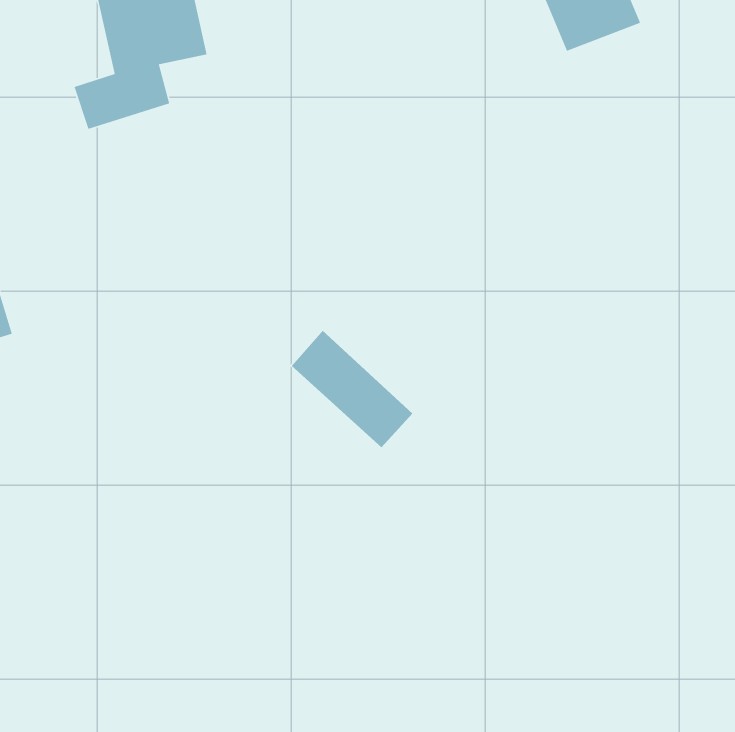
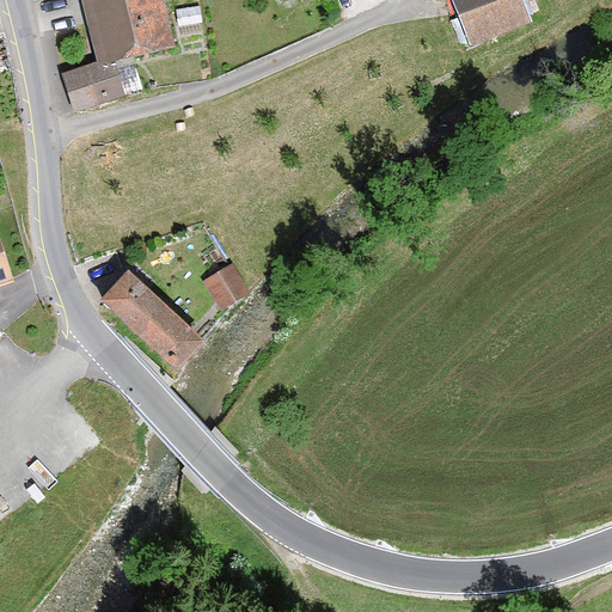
building: none -> [203,261,249,307]
building: [291,330,413,448] -> [100,269,202,367]

